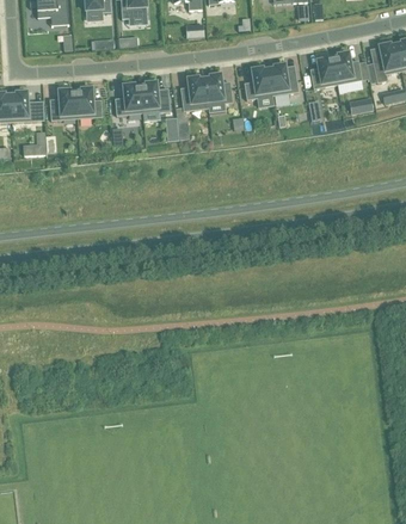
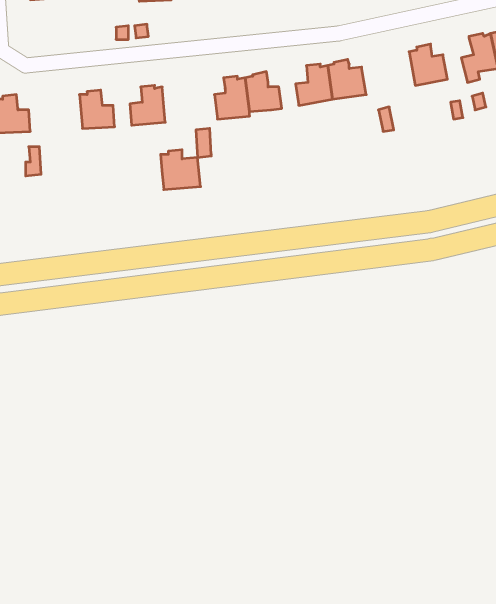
building: [309,57,337,88] -> none
building: [140,81,171,112] -> [161,150,201,190]
building: [49,88,78,119] -> none

